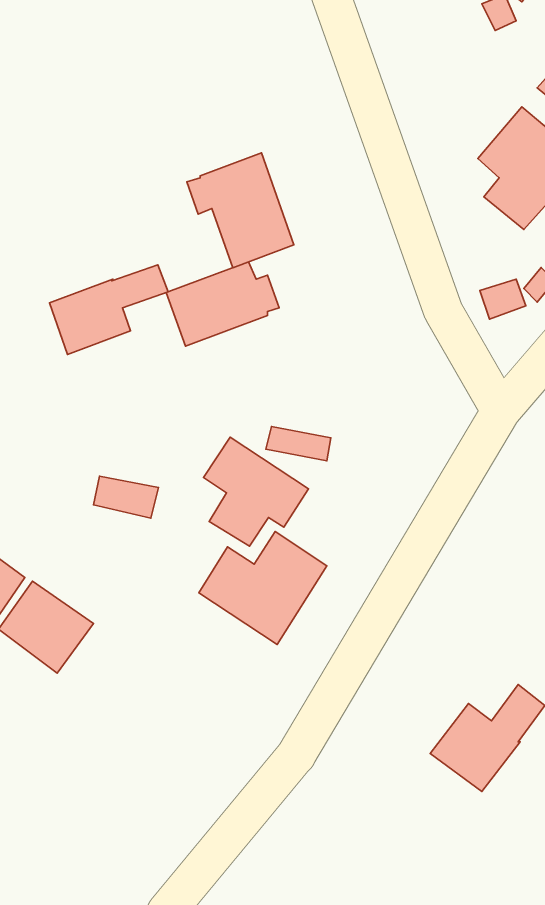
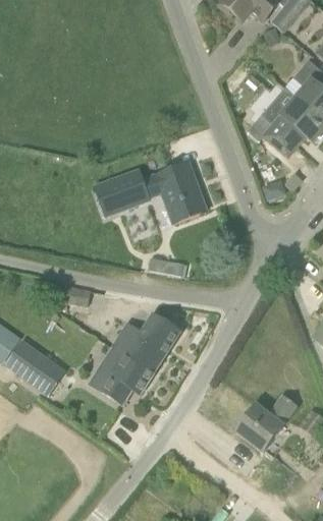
building: [187,153,294,268] -> [149,162,206,223]
building: [49,265,168,354] -> none
building: [203,437,309,546] -> [98,346,154,404]

